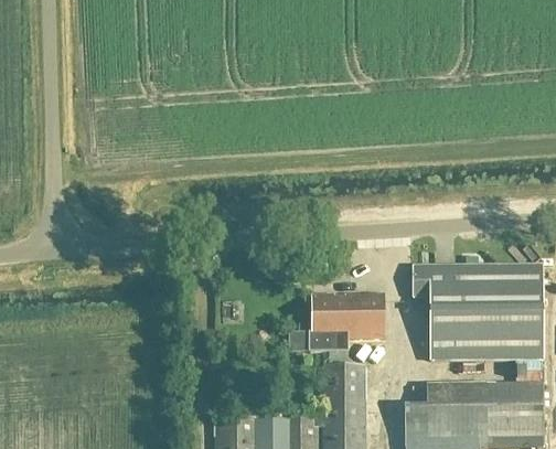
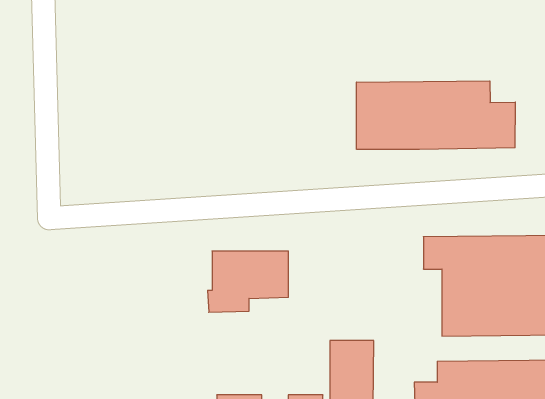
building: none -> [357,81,515,149]
building: [308,293,385,352] -> [208,251,288,312]

